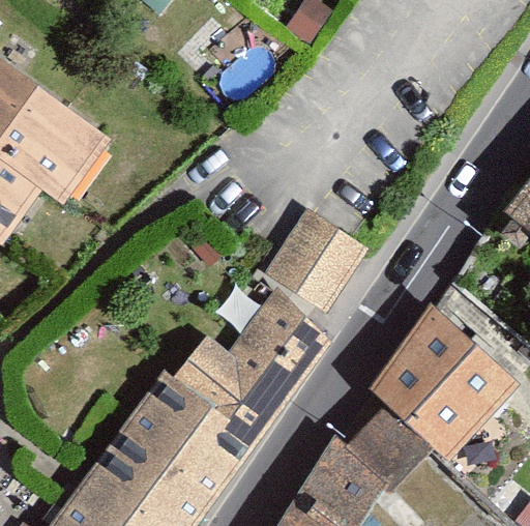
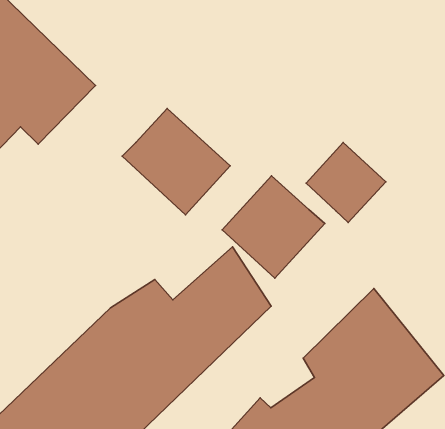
building: none -> [122,109,230,215]
building: none -> [306,142,386,223]

